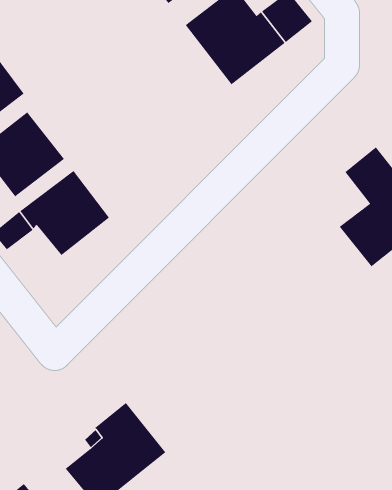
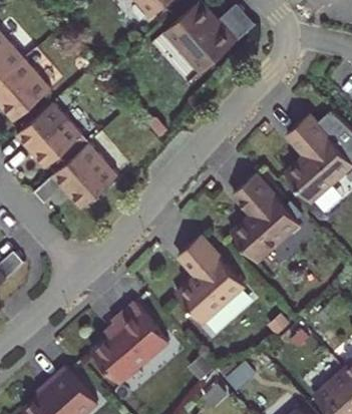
building: none -> [232,173,300,261]
building: none -> [179,238,246,325]

